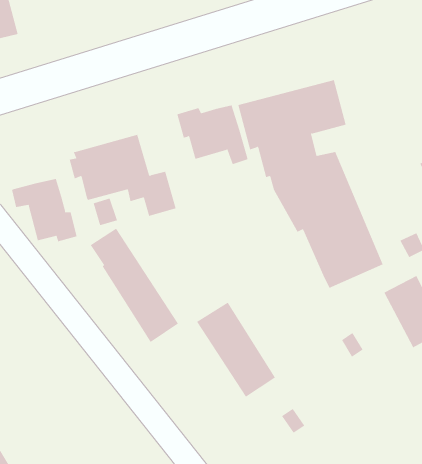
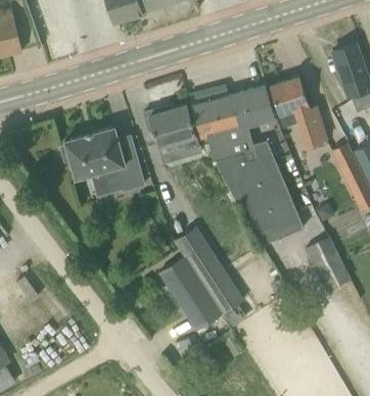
building: none -> [270,77,326,147]
building: [12,178,77,242] -> none
building: [90,228,179,342] -> [175,227,243,314]

